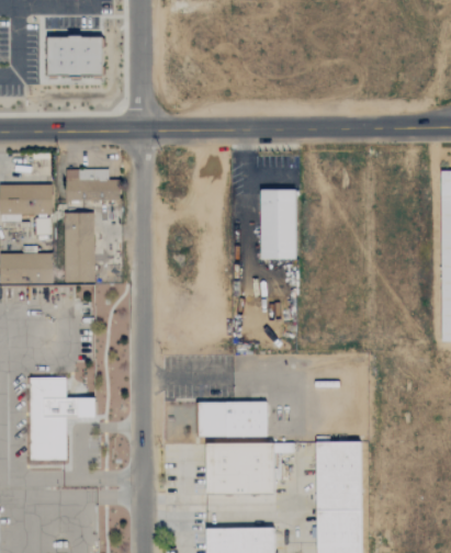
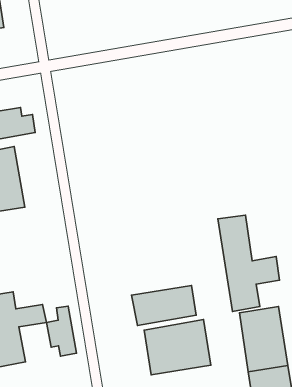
building: [260,189,301,262] -> none
building: none -> [218,215,279,311]
building: none -> [46,306,76,356]

